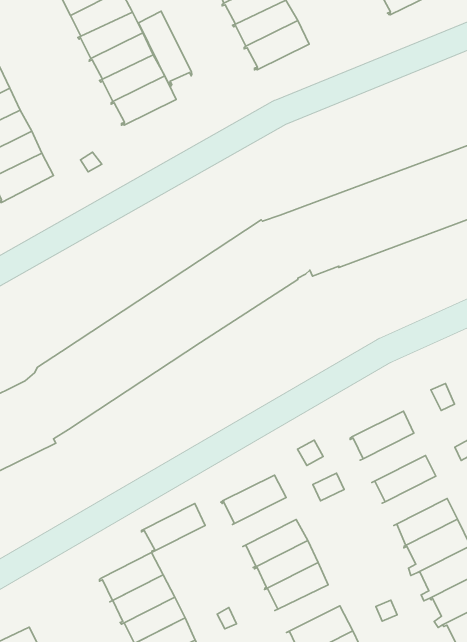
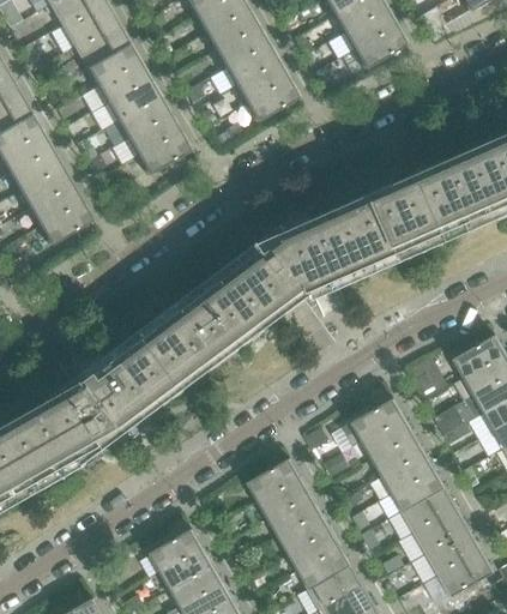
building: [138,11,192,86] -> none
building: none -> [361,415,415,458]
building: none -> [381,450,435,493]
building: [141,503,205,553] -> [258,475,310,518]
building: none -> [297,546,351,588]

